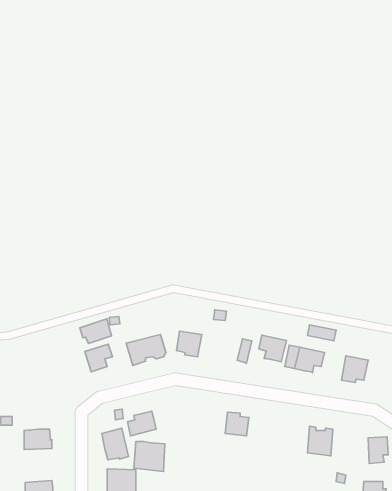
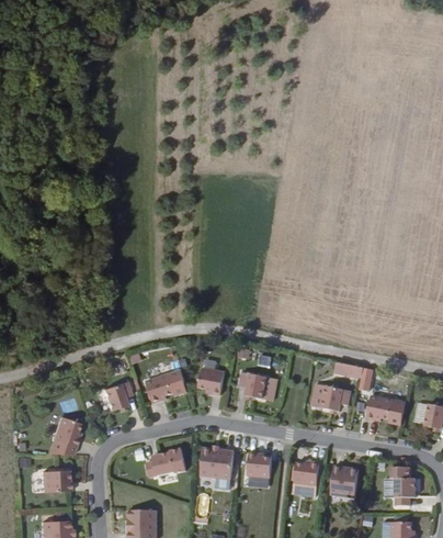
building: [80,319,112,343] -> none
building: [259,335,286,362] -> [237,370,265,397]
building: none -> [54,416,80,446]
building: none -> [293,461,319,496]
building: [102,428,129,460] -> none
building: [134,442,165,471] -> [202,447,234,478]

